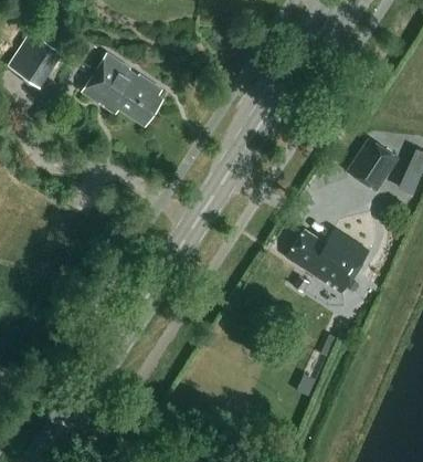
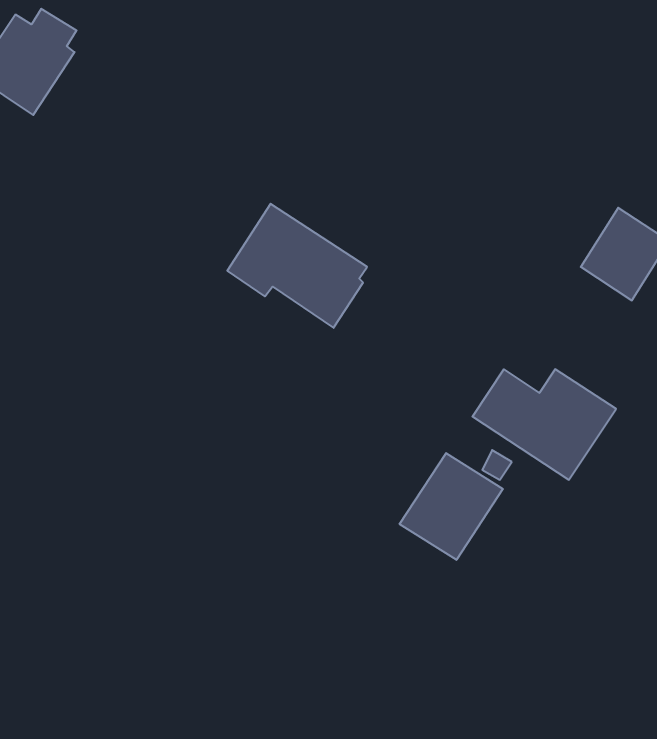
building: [84,56,162,126] -> [227,204,367,328]
building: none -> [400,453,503,560]

